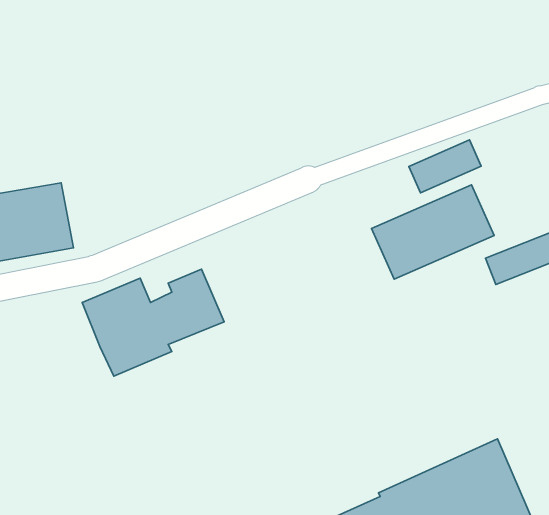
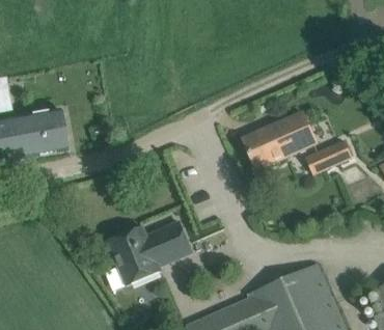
building: [409,140,481,193] -> none
building: [82,269,224,376] -> [108,221,192,284]

